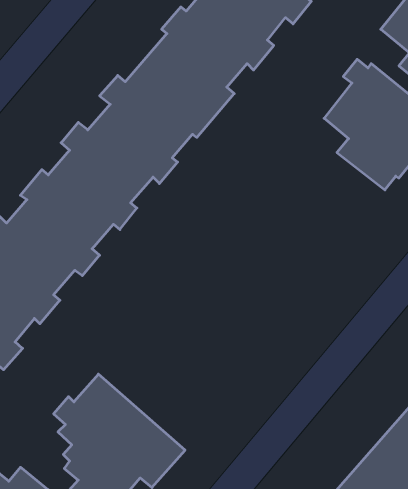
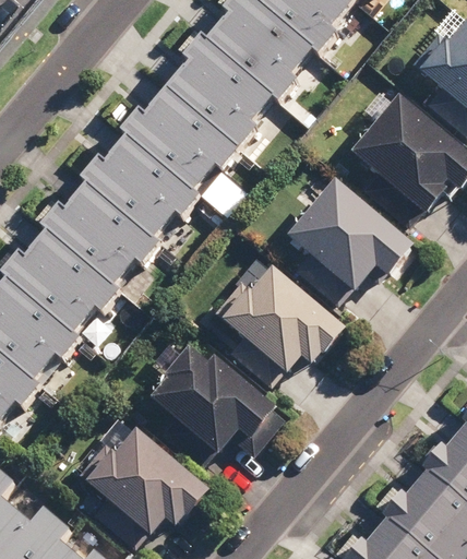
building: none -> [283,165,415,305]
building: none -> [211,251,346,383]
building: none -> [152,331,278,467]

